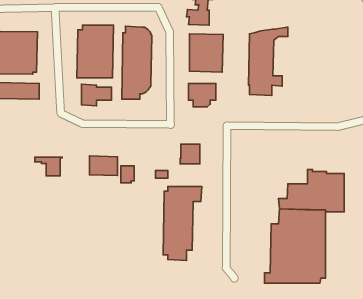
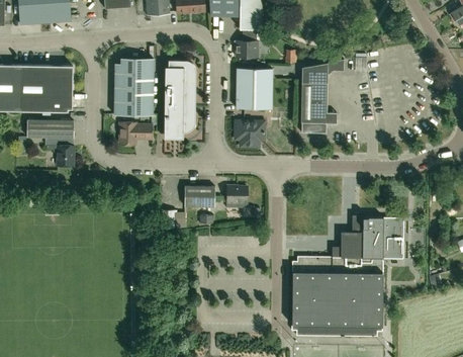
building: [89,156,118,176] -> [185,185,215,206]
building: [35,157,62,176] -> [47,145,76,165]
building: [163,186,202,260] -> [292,256,334,336]

